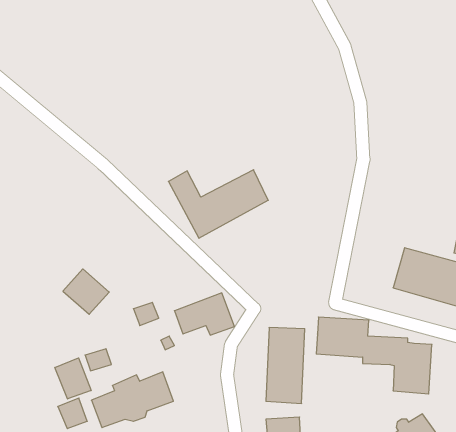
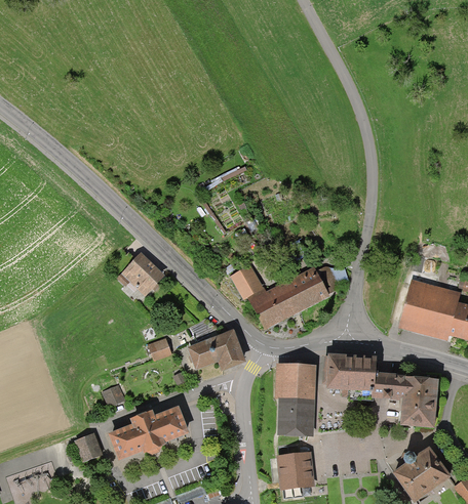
building: [168,170,268,238] -> [232,264,329,331]
building: [63,269,109,314] -> [121,252,166,296]
building: [55,358,91,399] -> none

